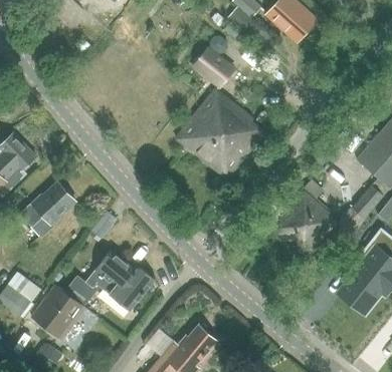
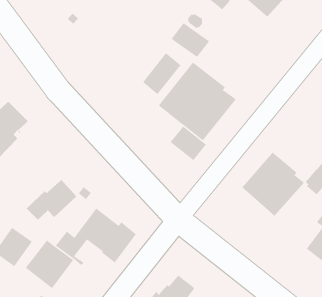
building: none -> [142,52,181,95]
building: none -> [169,126,207,161]
building: [19,181,75,227] -> [26,179,77,220]

